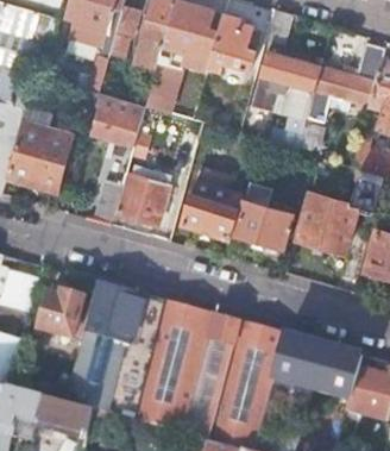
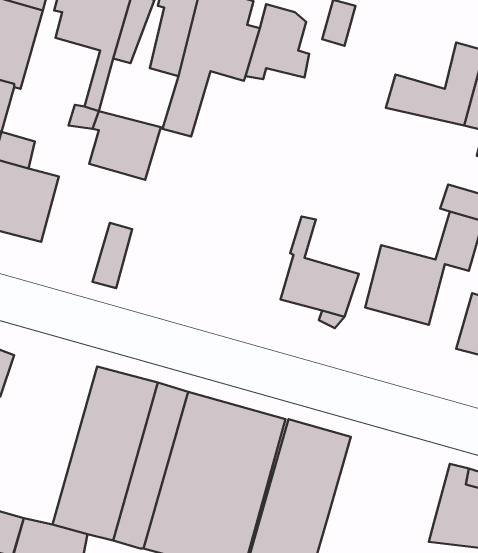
building: [252,49,320,148] -> none
building: [119,174,169,224] -> none
building: [183,181,241,238] -> none
building: [38,290,83,337] -> none
building: [270,334,360,401] -> none

